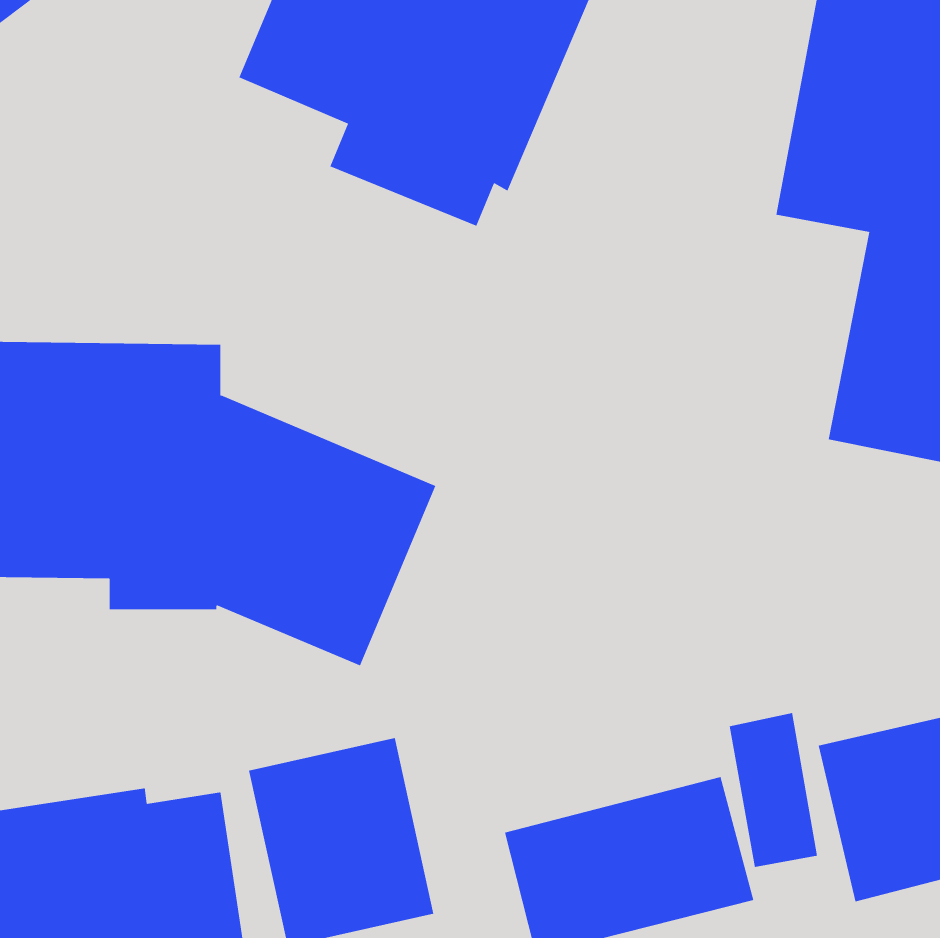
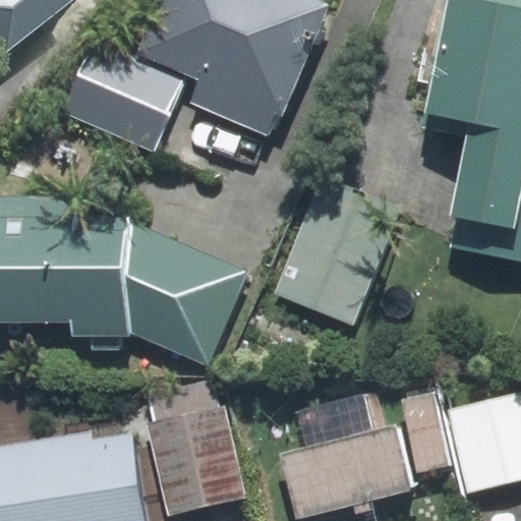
building: none -> [63,46,181,152]
building: none -> [274,176,400,325]

